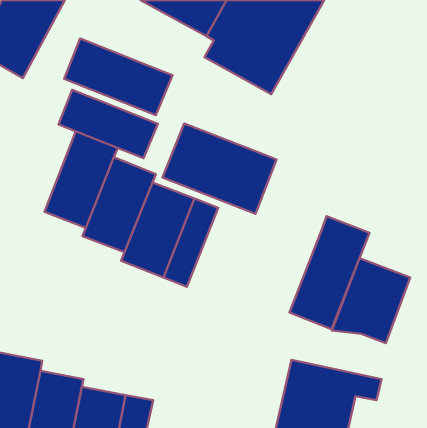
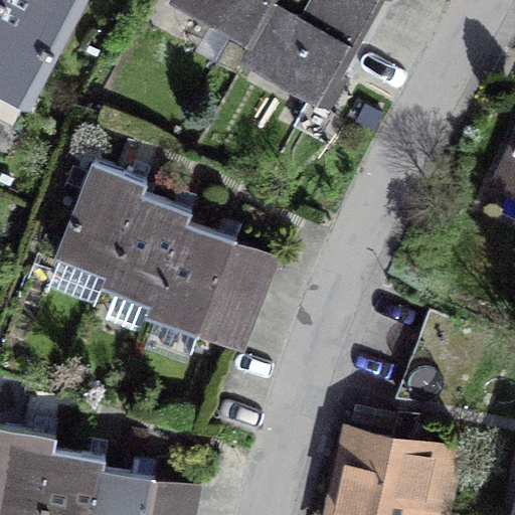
building: [64,38,173,115] -> none
building: [59,90,158,158] -> none
building: [162,124,276,214] -> none
building: [289,216,370,329] -> none

